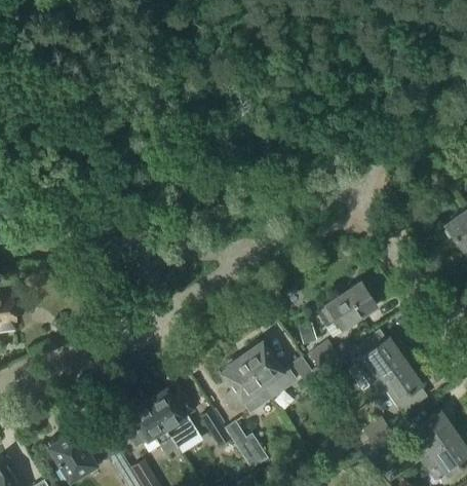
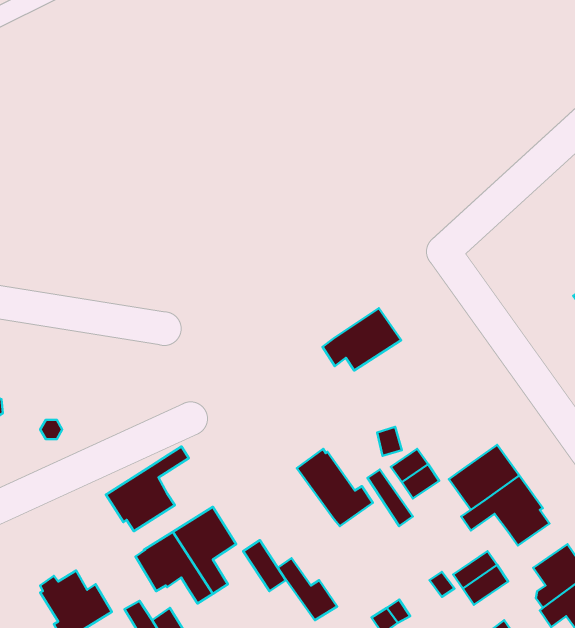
building: [319,283,378,329] -> [322,308,401,370]
building: none -> [106,447,189,531]
building: [223,354,272,412] -> none

